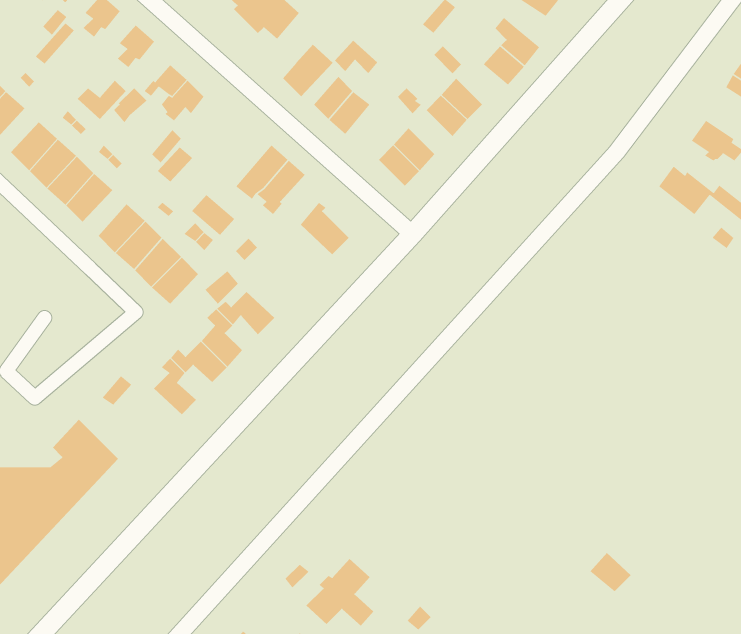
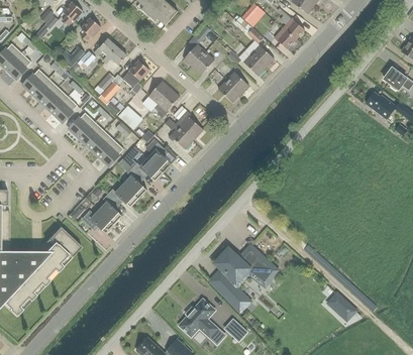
building: [282,44,334,97] -> [122,58,149,87]
building: none -> [165,117,194,148]
building: none -> [145,138,172,171]
building: none -> [82,209,114,232]
building: none -> [212,244,279,311]

